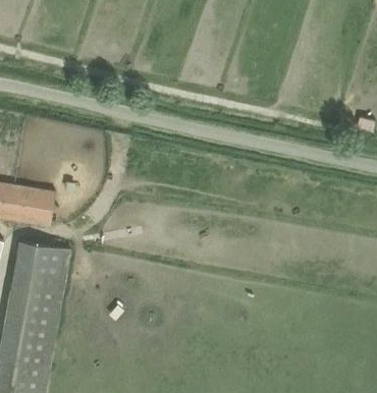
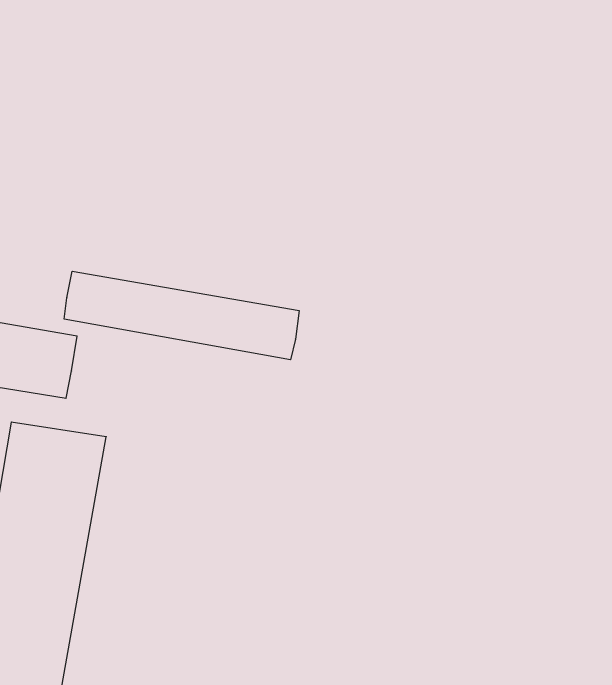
building: none -> [64,271,299,360]

